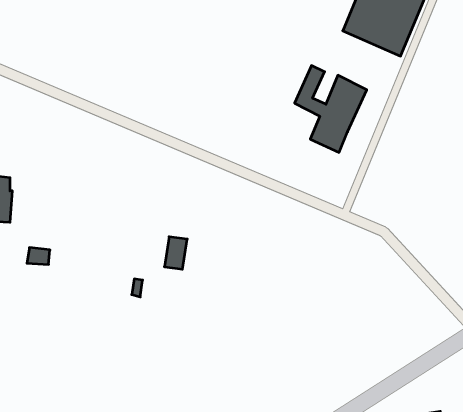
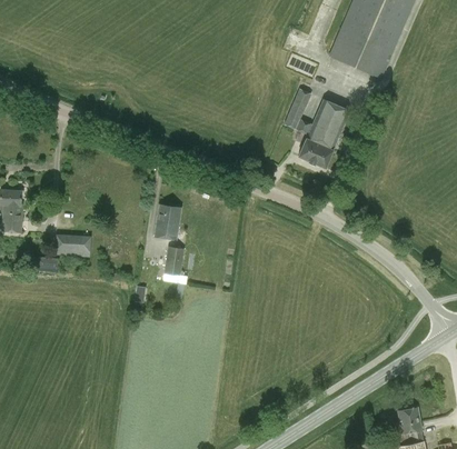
building: none -> [155,203,181,238]
building: none -> [54,232,90,256]

